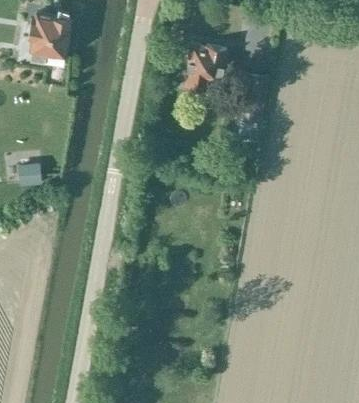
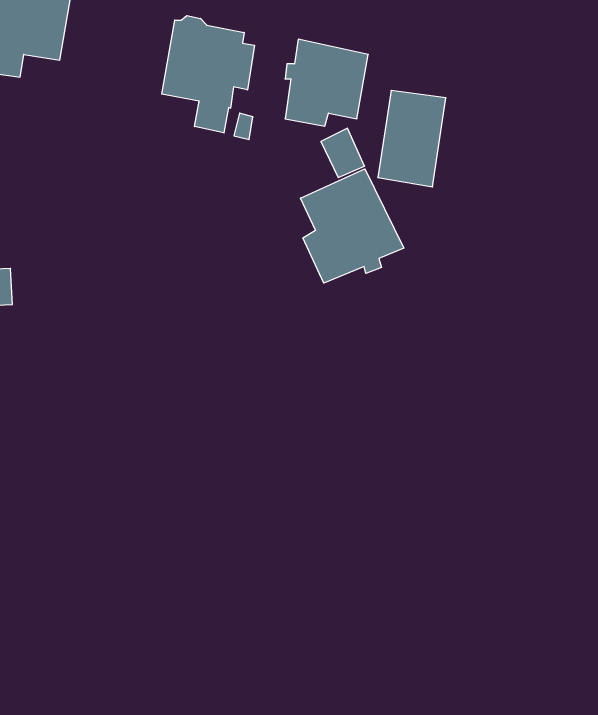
building: none -> [162,16,254,133]
building: none -> [300,169,404,283]

